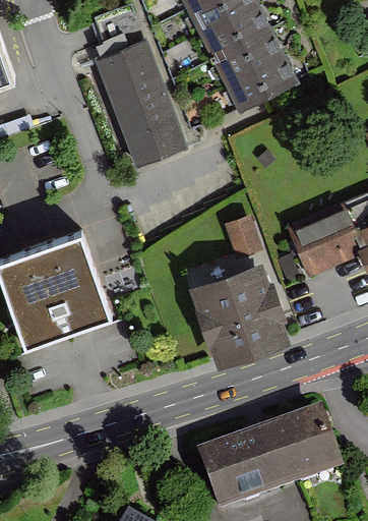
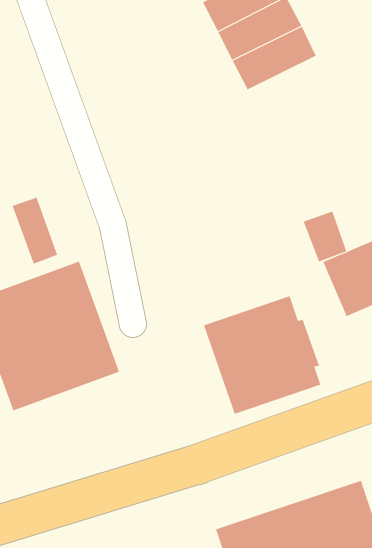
building: [96,38,186,163] -> none
building: [225,52,297,107] -> none
building: none -> [12,197,58,264]
building: [225,214,262,257] -> [303,211,347,262]

